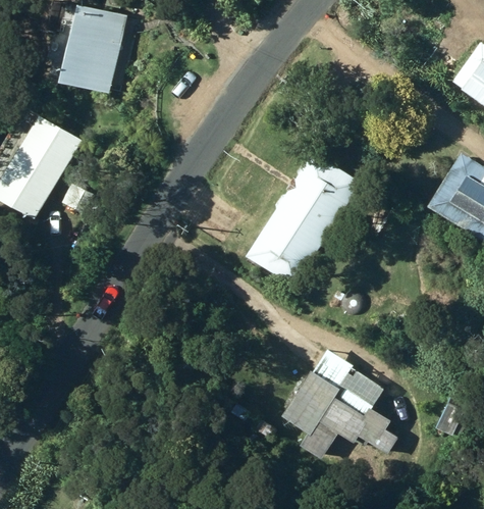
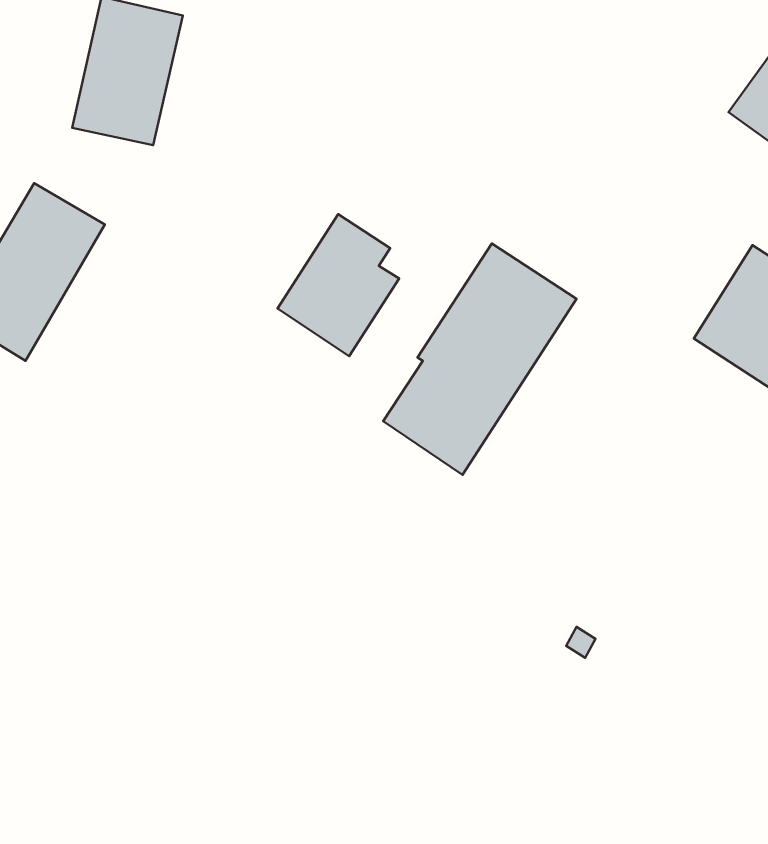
building: none -> [278,214,399,356]
building: [281,350,396,460] -> none

